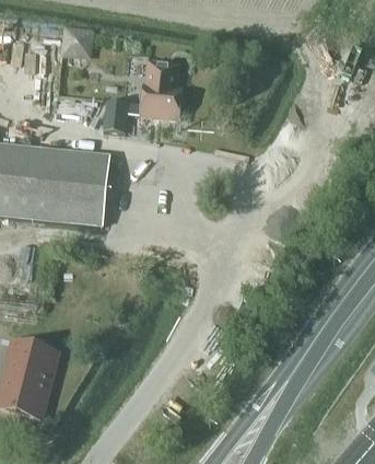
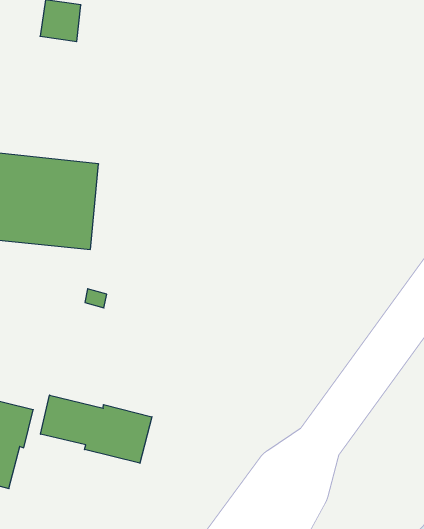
building: [102,60,180,132] -> none
building: none -> [41,395,152,463]

